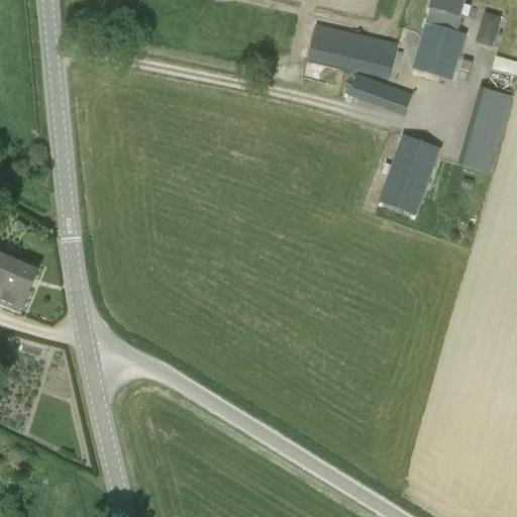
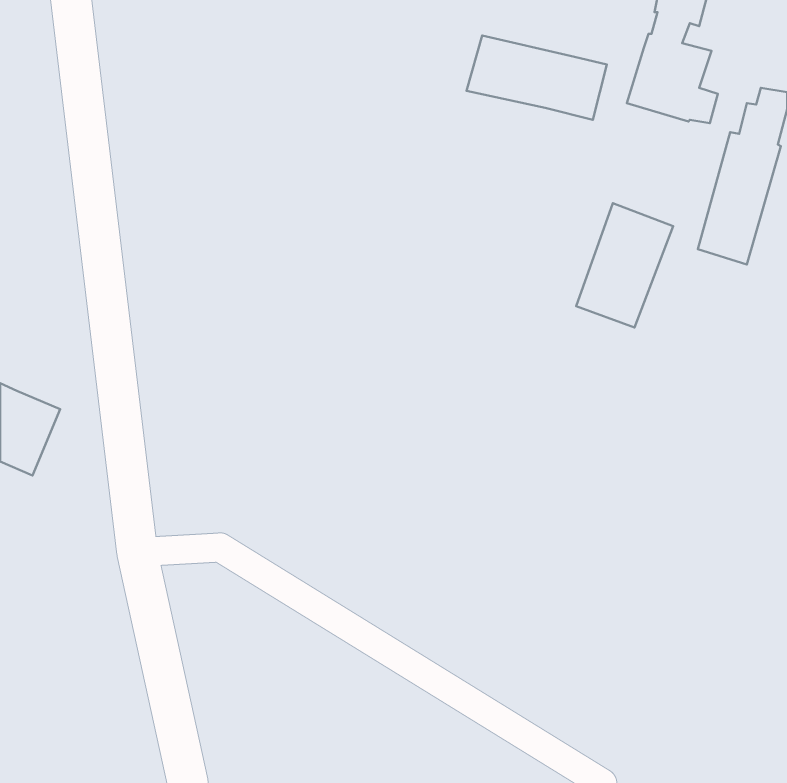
building: [477,11,502,45] -> none
building: [348,74,413,115] -> none

